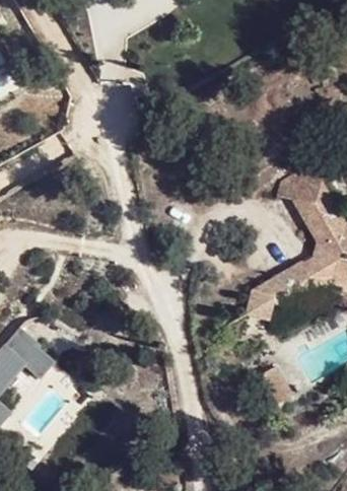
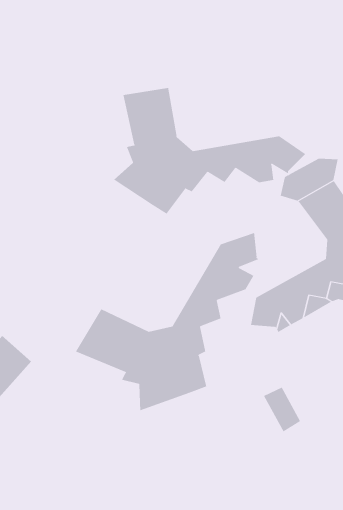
building: none -> [113,87,306,215]
building: none -> [75,232,260,411]

